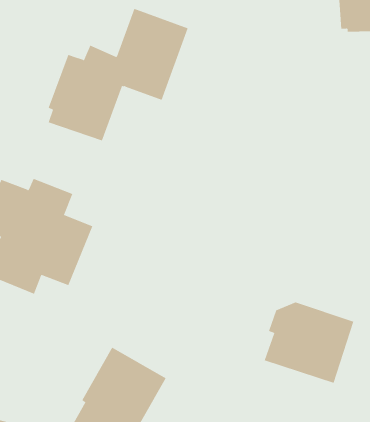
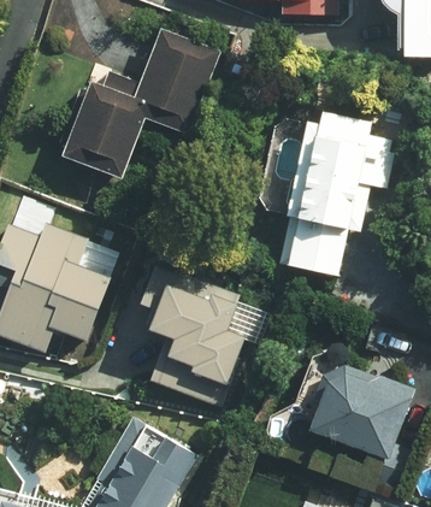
building: none -> [284,98,396,264]
building: none -> [138,266,247,406]

